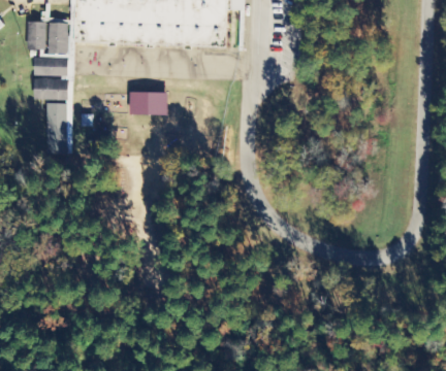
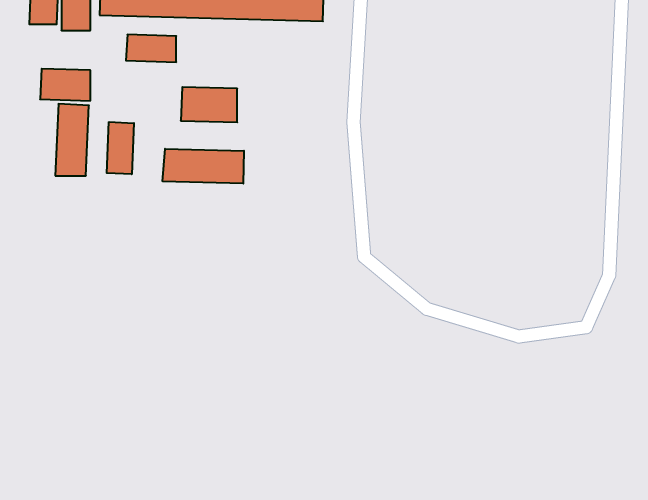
building: [33,57,67,75] -> [126,35,176,62]
building: none -> [107,122,134,174]
building: none -> [163,149,244,184]

